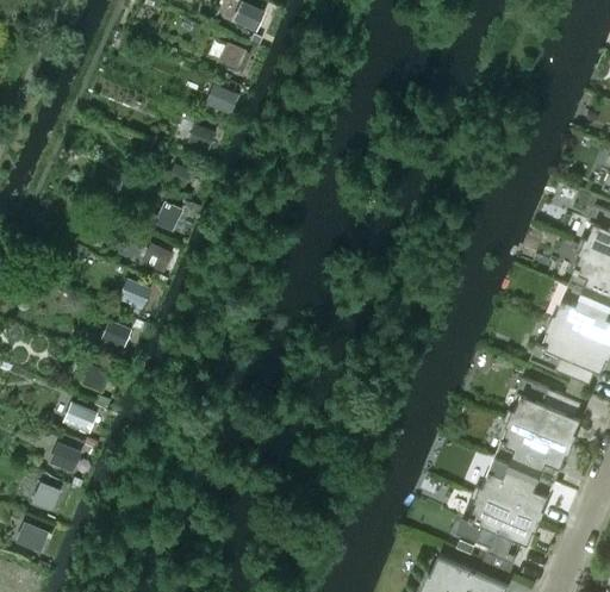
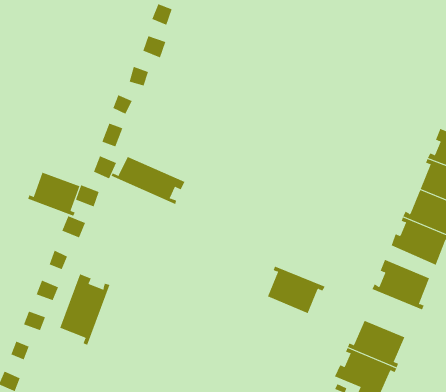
building: none -> [111,156,185,205]
building: none -> [28,172,80,217]
building: none -> [60,273,110,345]
building: [497,417,573,480] -> [267,266,326,314]

